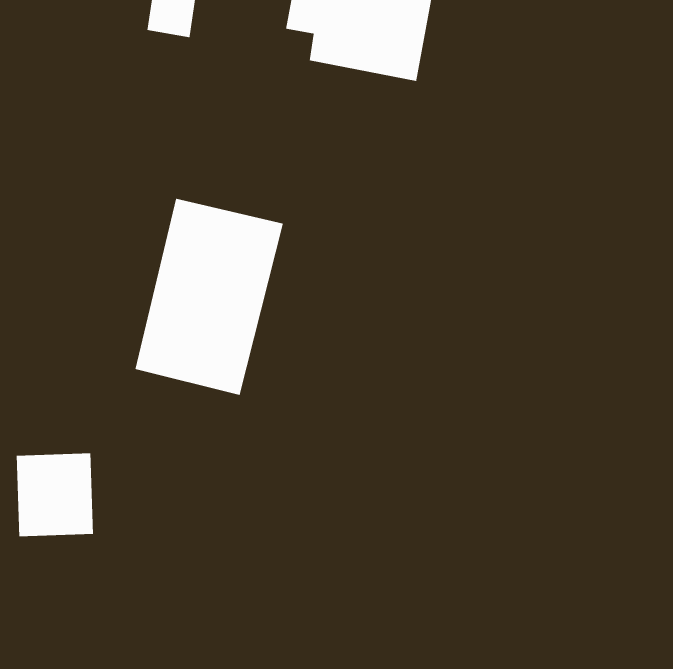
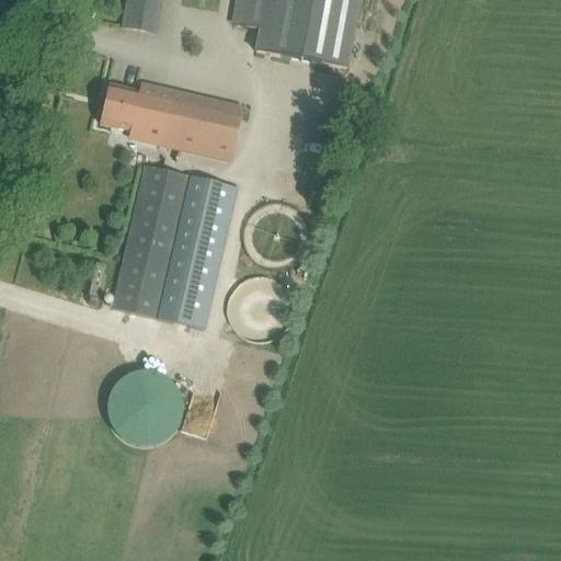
building: none -> [101,81,243,160]
building: [16,453,94,537] -> [107,371,172,442]

